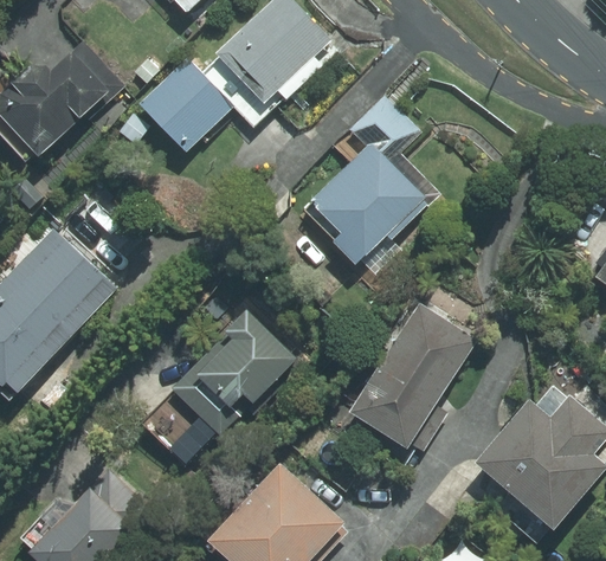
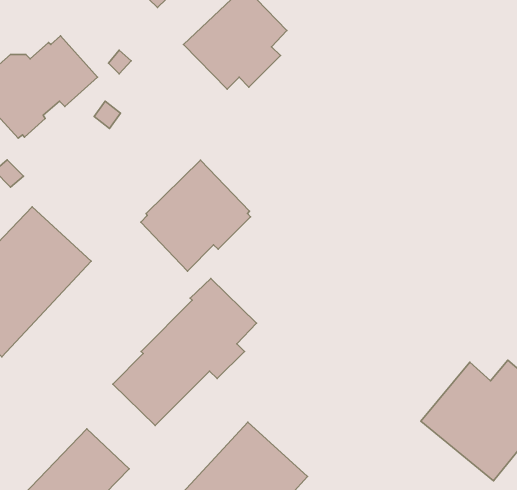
building: [138,57,232,151] -> none
building: [305,143,425,264] -> [141,160,251,271]
building: [348,302,475,451] -> none

